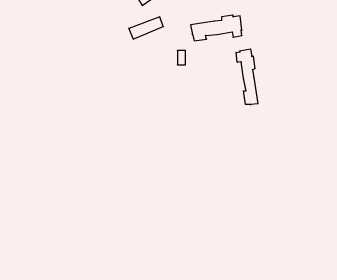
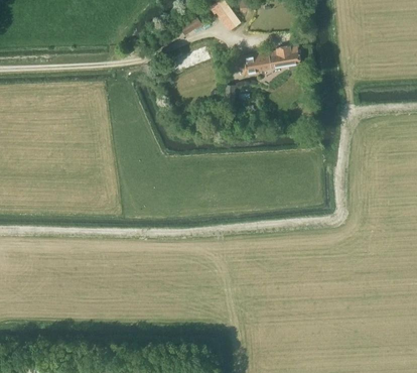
building: [236,49,258,105] -> none

